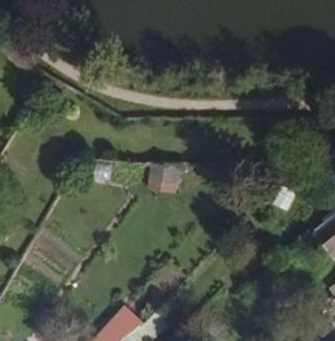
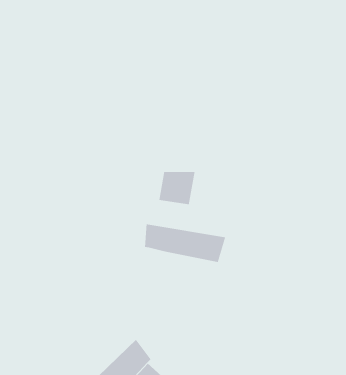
building: none -> [145,224,226,263]

